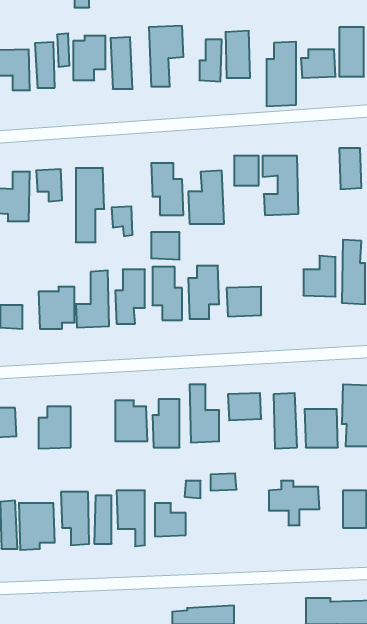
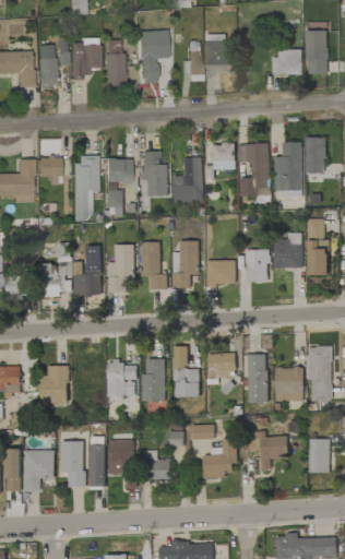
building: [266,42,296,106] -> [276,142,302,199]
building: [151,232,180,259] -> [106,158,131,182]
building: none -> [247,250,270,282]
building: none -> [203,439,236,477]

